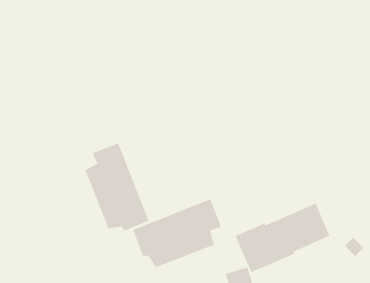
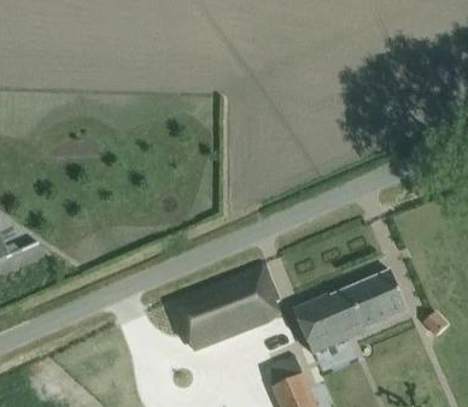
building: [85,142,149,232] -> none

